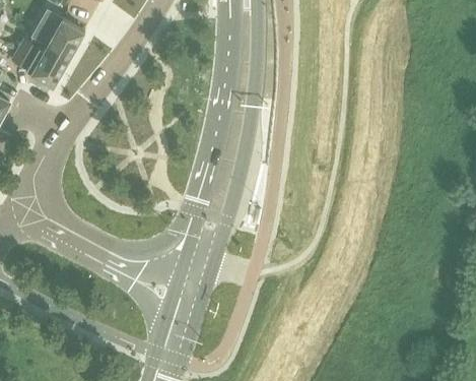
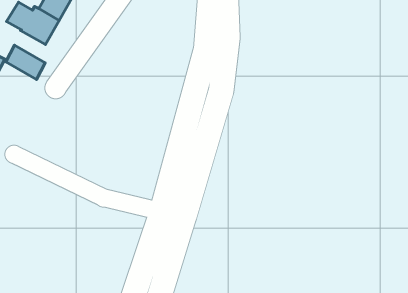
building: none -> [6,45,45,79]

